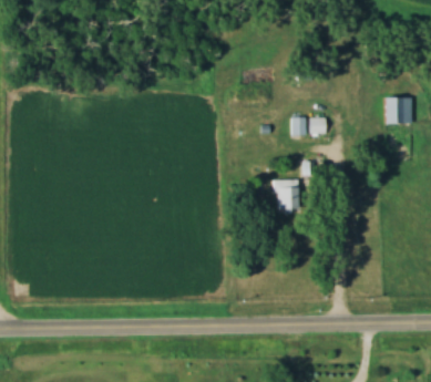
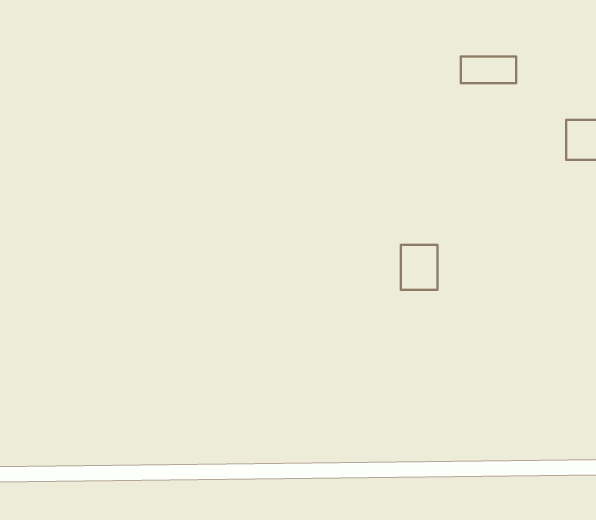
building: [290,116,327,134] -> [461,57,516,83]

